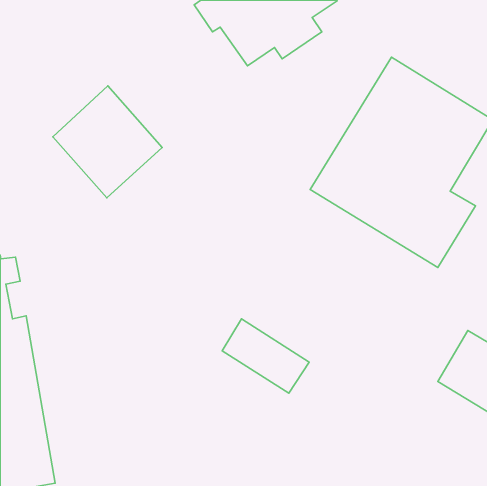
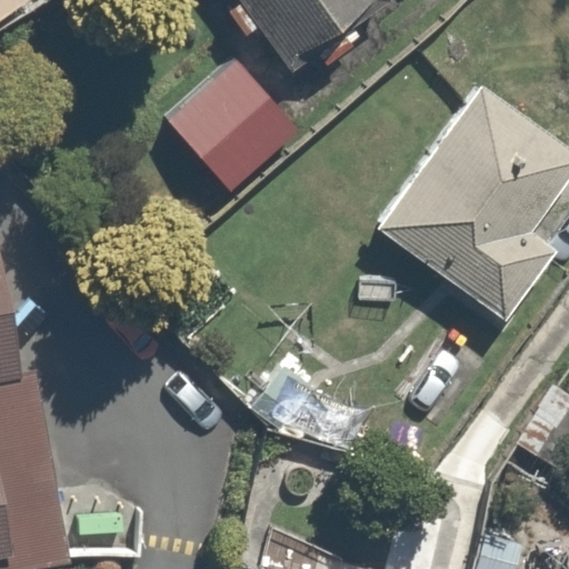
building: [53,86,162,198] -> [168,56,293,184]

